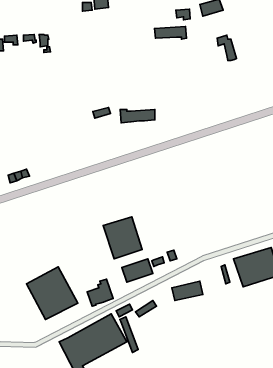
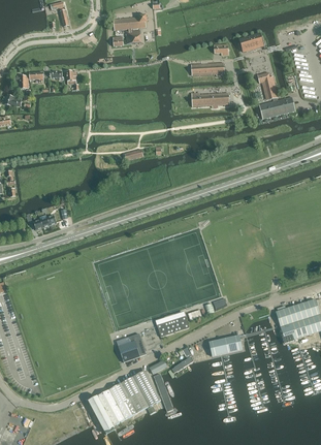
building: none -> [258,96,294,118]
building: [120,109,155,123] -> [191,92,228,106]
building: [103,217,142,259] -> none
building: [27,267,78,319] -> none

